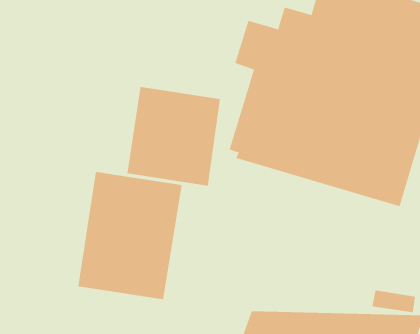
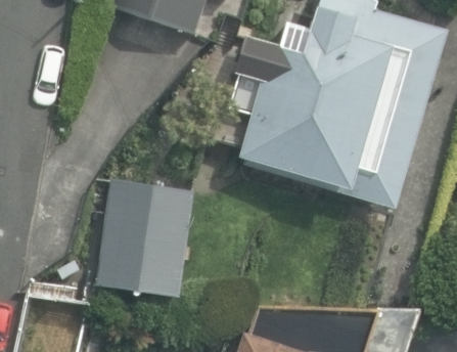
building: [127,86,221,187] -> none

